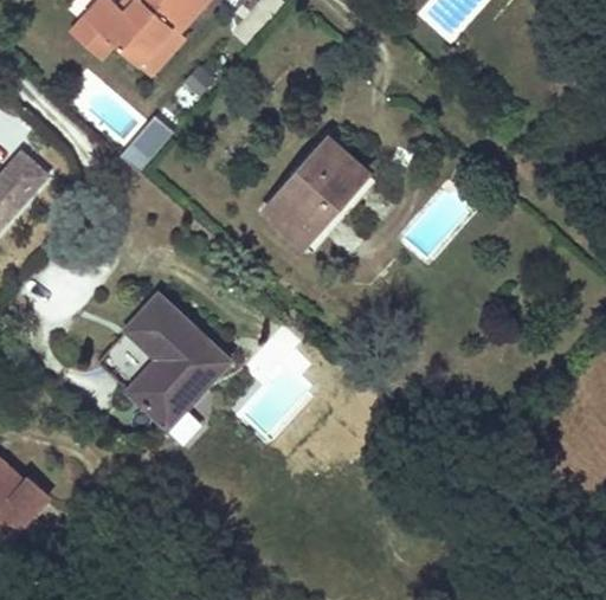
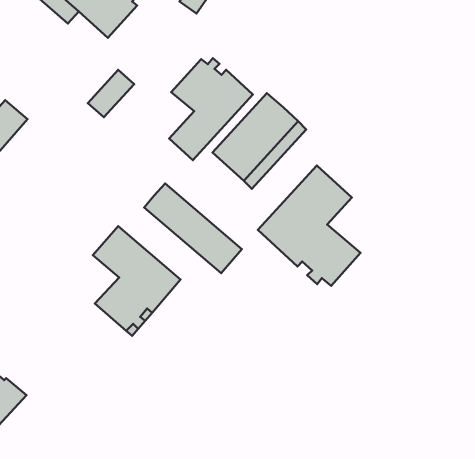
building: none -> [169,58,253,160]
building: none -> [258,166,361,286]
building: none -> [144,183,242,273]

